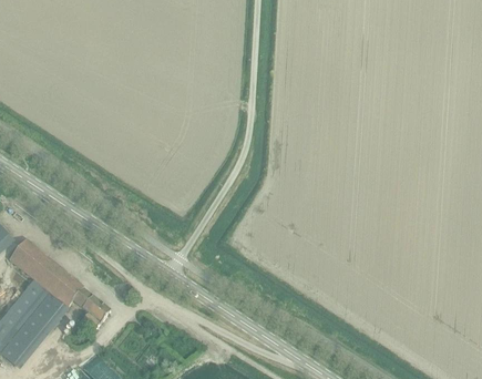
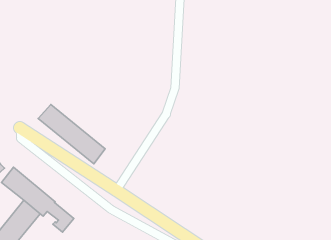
building: none -> [38,104,105,164]

